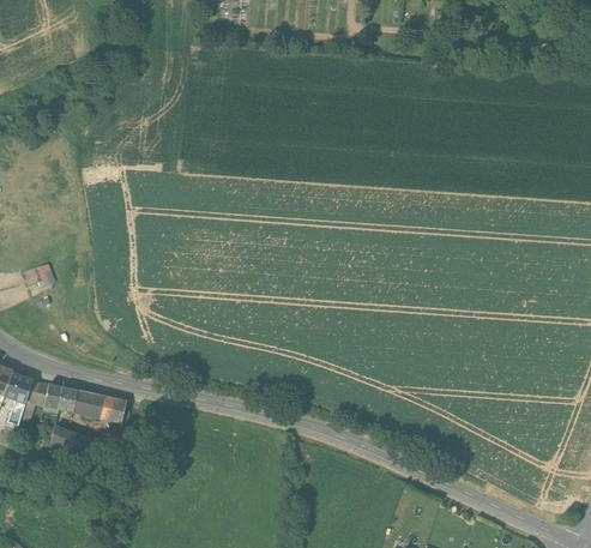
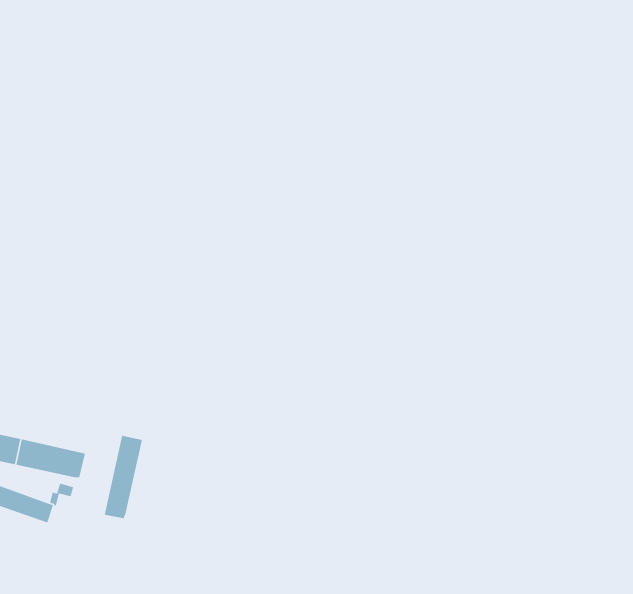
building: none -> [104,435,143,519]

